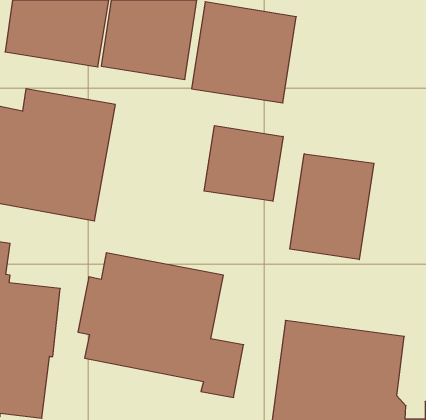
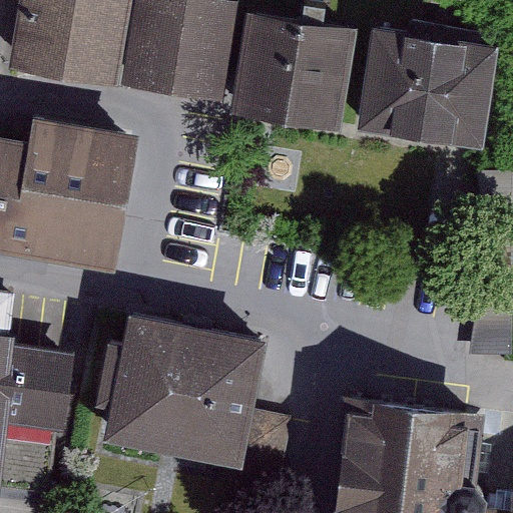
building: none -> [356,29,497,151]
building: [204,126,283,201] -> none
building: [290,154,374,260] -> none

